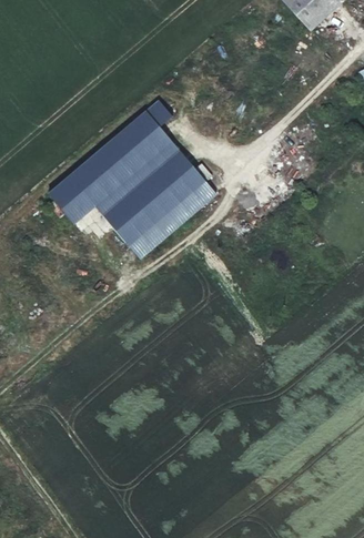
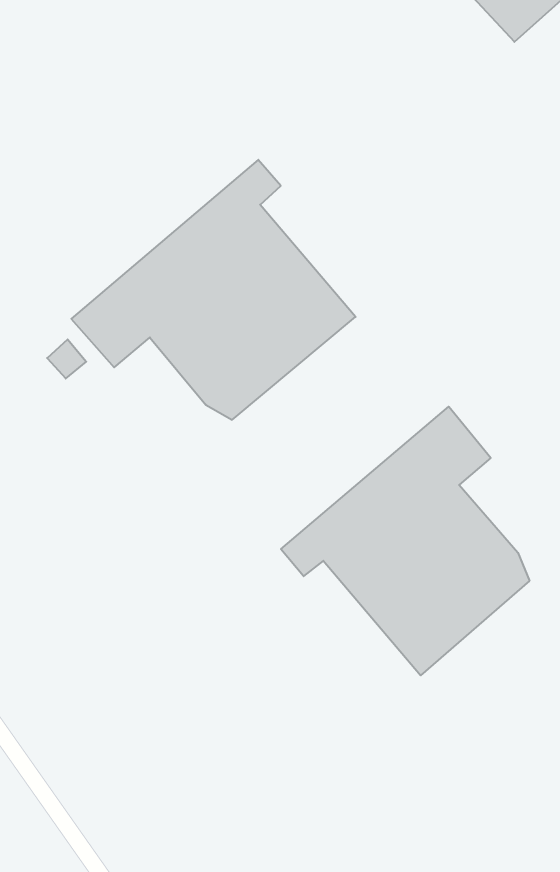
building: none -> [281,407,529,675]

